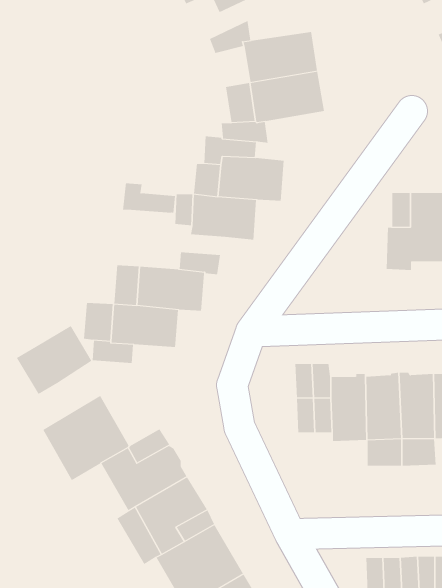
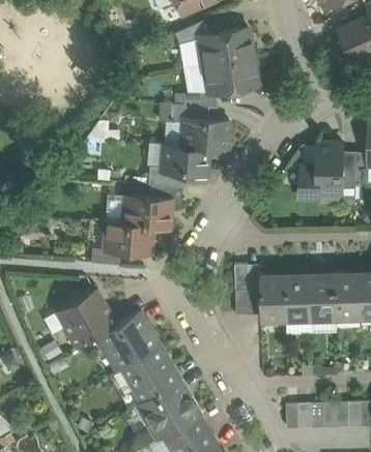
building: [122,183,176,213] -> [147,165,186,187]
building: [16,325,92,395] -> none

